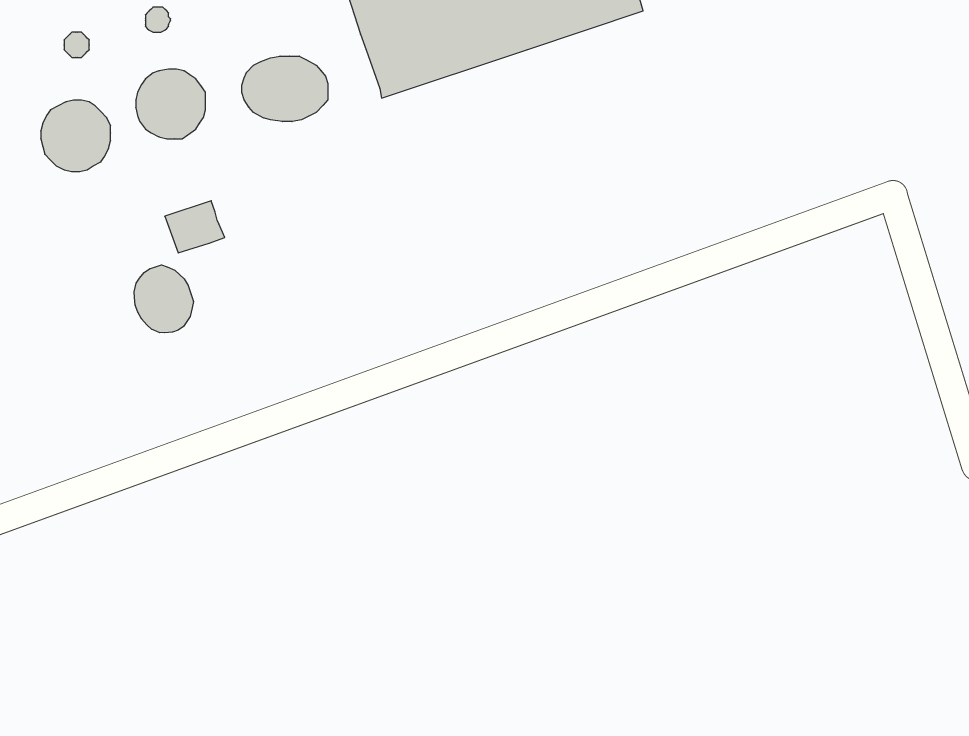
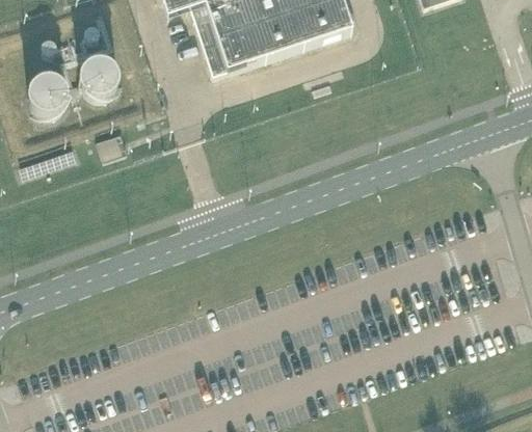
building: [242,56,328,122] -> none
building: [134,265,193,333] -> none

